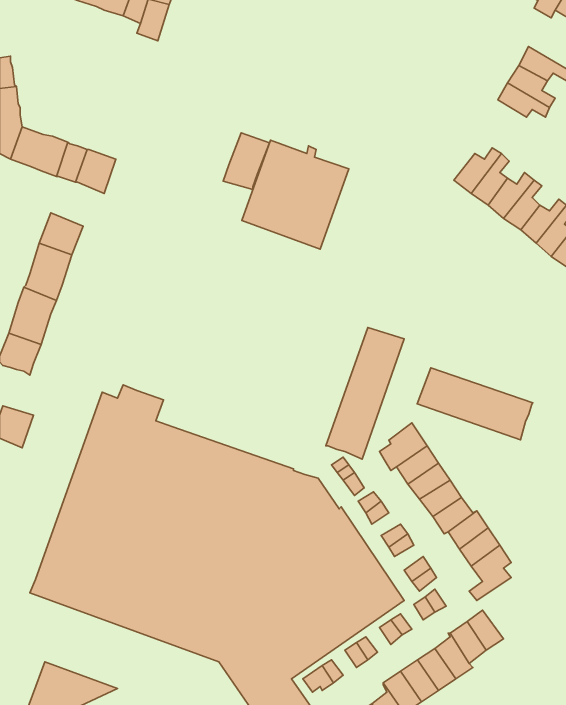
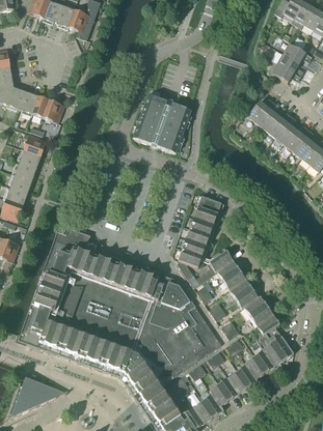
building: [223,133,269,189] -> none
building: [417,368,533,440] -> none
building: none -> [263,337,293,365]

